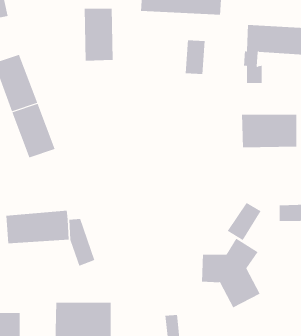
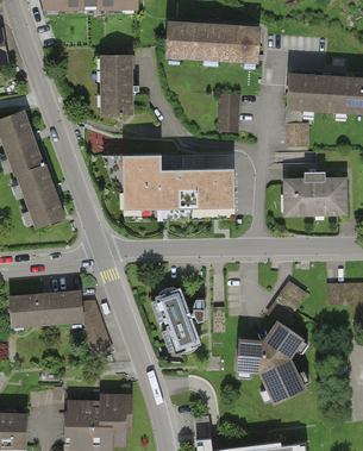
building: none -> [104,152,233,214]
building: none -> [155,287,204,357]

